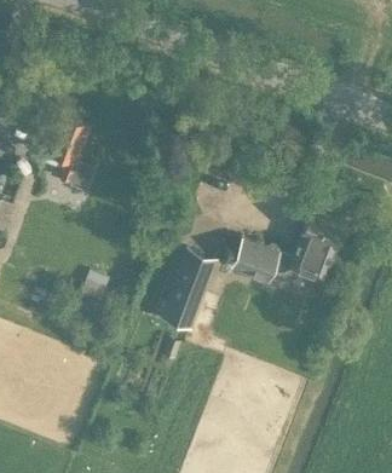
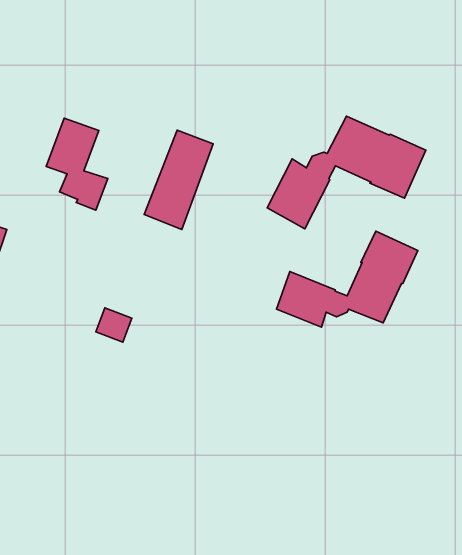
building: none -> [267,116,426,229]
building: [161,252,217,331] -> [144,130,213,229]

